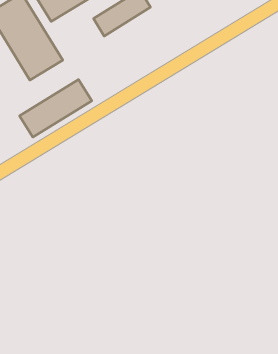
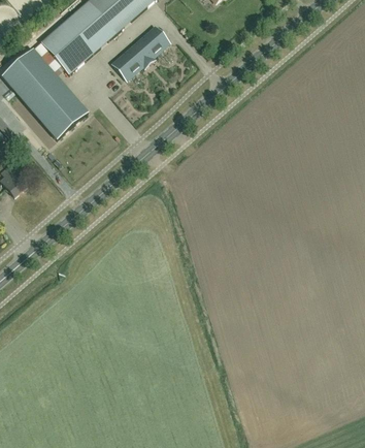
building: [20,79,92,137] -> none

